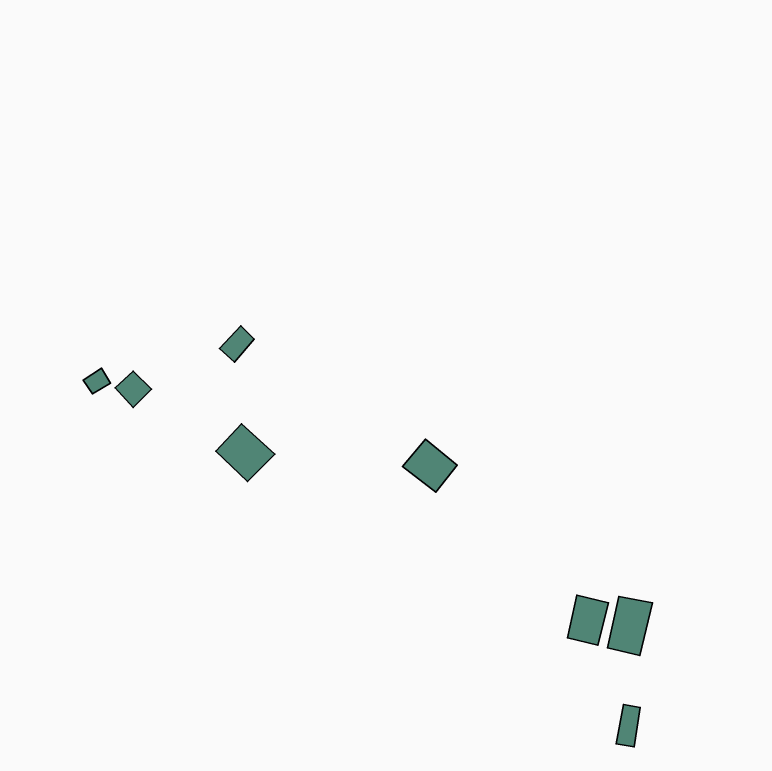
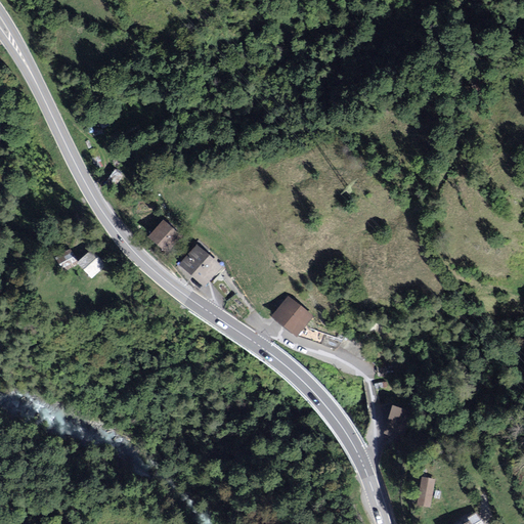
building: [216,424,275,482] -> [179,246,219,285]
building: [607,596,653,655] -> none

